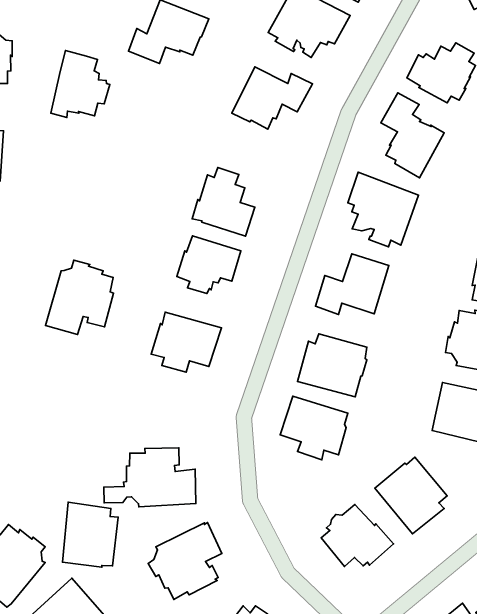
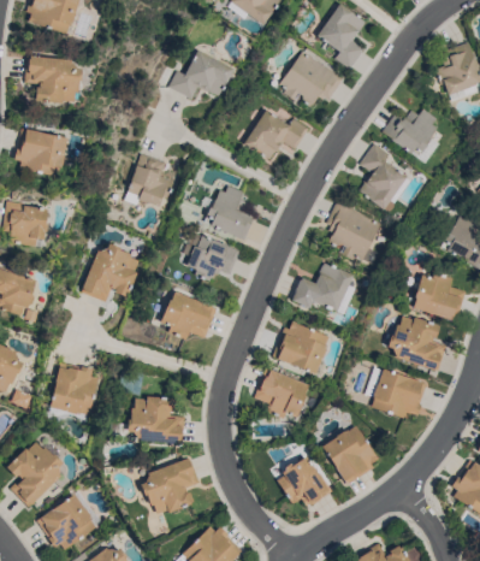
building: [51,51,110,118] -> [125,153,173,206]
building: [62,502,118,567] -> [51,361,97,414]

